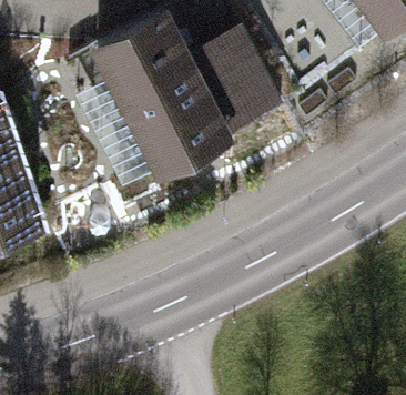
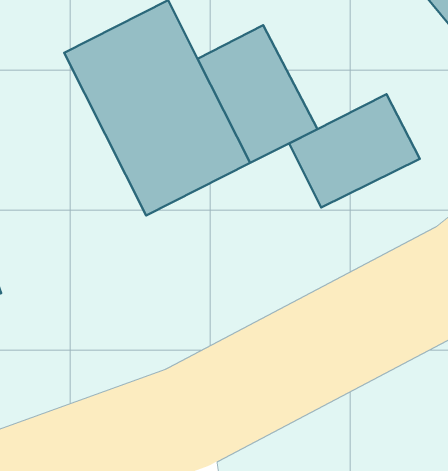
building: none -> [289,94,420,208]

